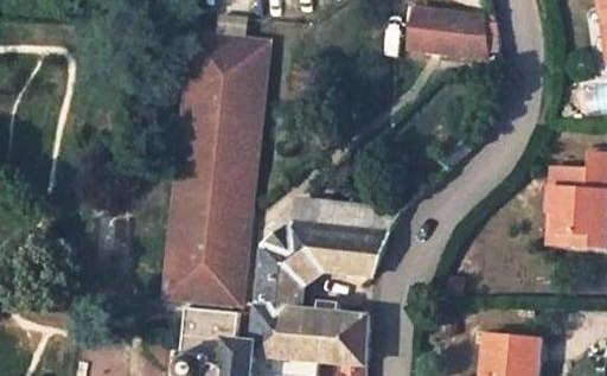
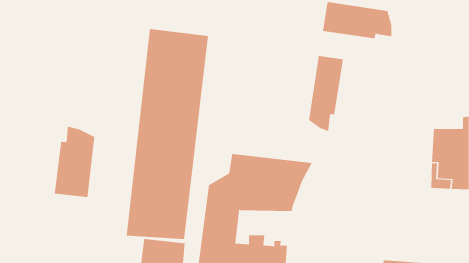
building: none -> [308,55,344,132]
building: none -> [54,126,95,198]

